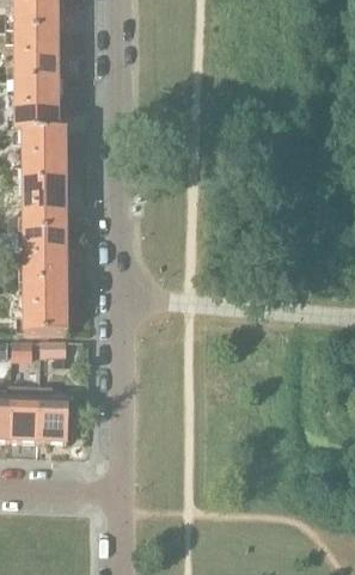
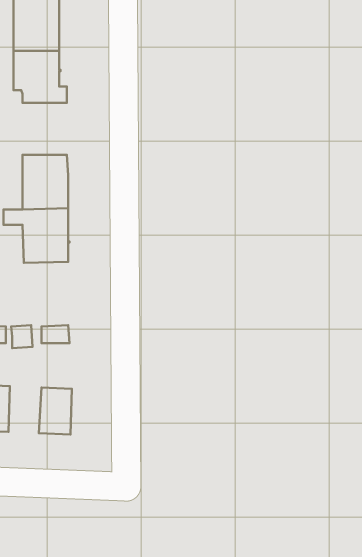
building: [23,130,66,179] -> none
building: [24,280,67,332] -> none
building: [10,397,41,441] -> none

